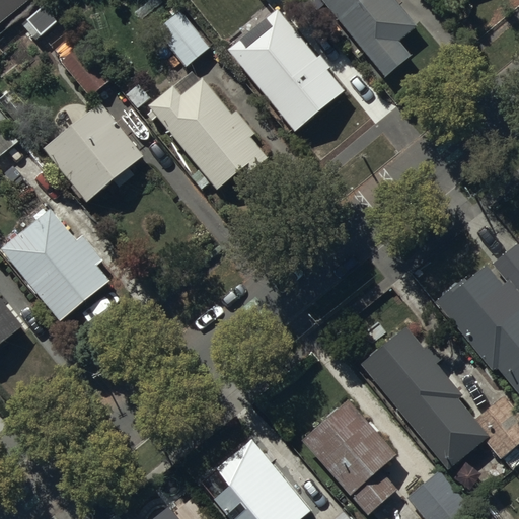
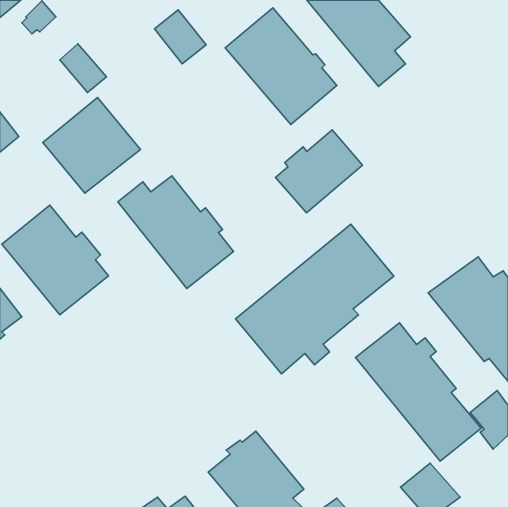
building: [147,77,265,192] -> [118,176,234,288]
building: none -> [275,130,362,213]
building: none -> [235,224,394,374]
building: [302,397,397,513] -> none

